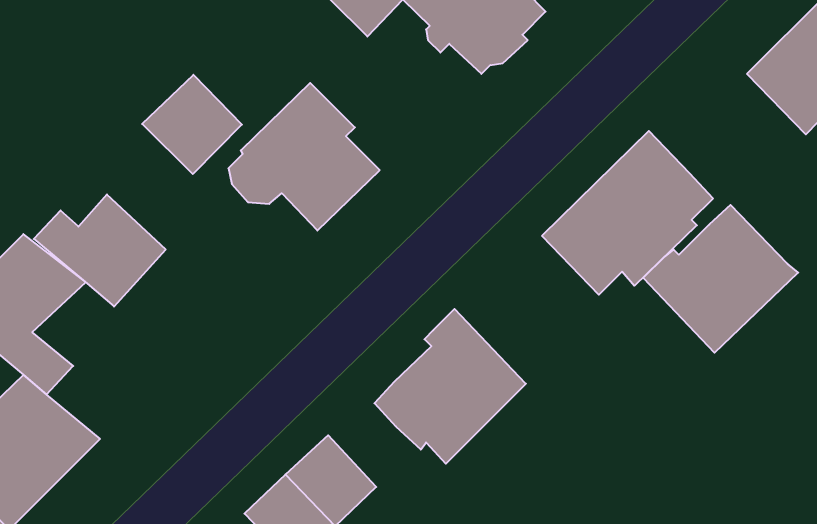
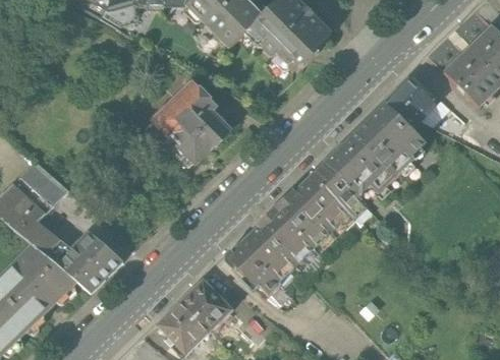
building: [142,75,242,174] -> none
building: none -> [387,81,434,128]
building: [34,194,166,307] -> [43,229,118,293]
building: [643,205,798,353] -> [276,164,365,248]

